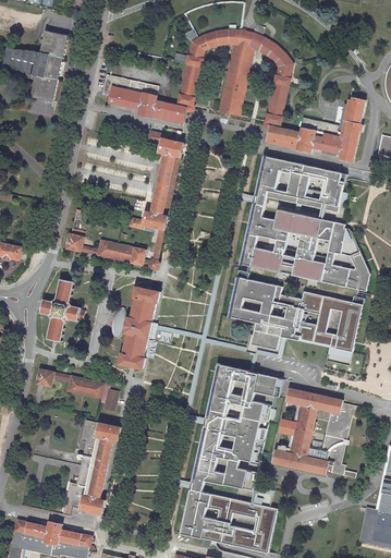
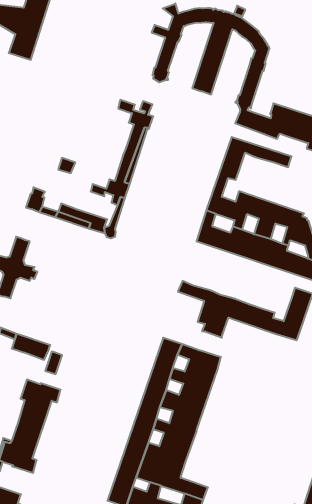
building: [101,75,185,123] -> none
building: [272,169,342,213] -> none
building: [230,276,343,327] -> none
building: [111,287,159,369] -> none
building: [272,389,357,477] -> none

